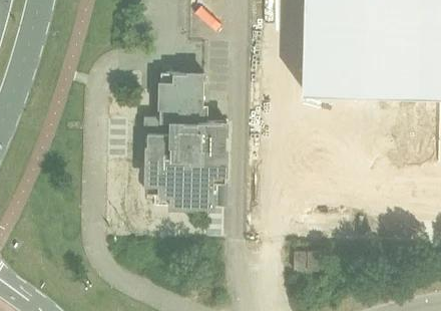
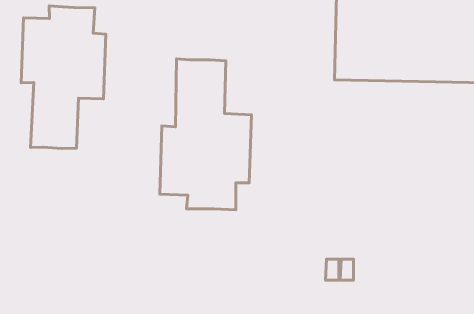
building: none -> [21,6,106,148]

